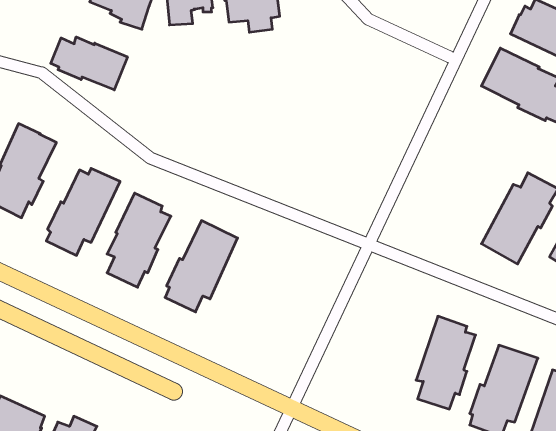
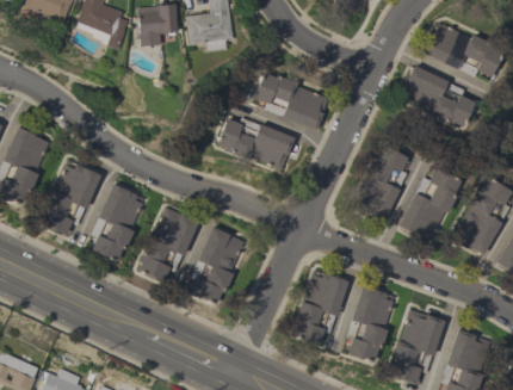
building: [51,37,127,90] -> none
building: none -> [254,72,329,130]
building: none -> [217,117,295,169]
building: none -> [352,144,409,222]
building: none -> [190,227,245,304]
building: none -> [293,270,348,345]

